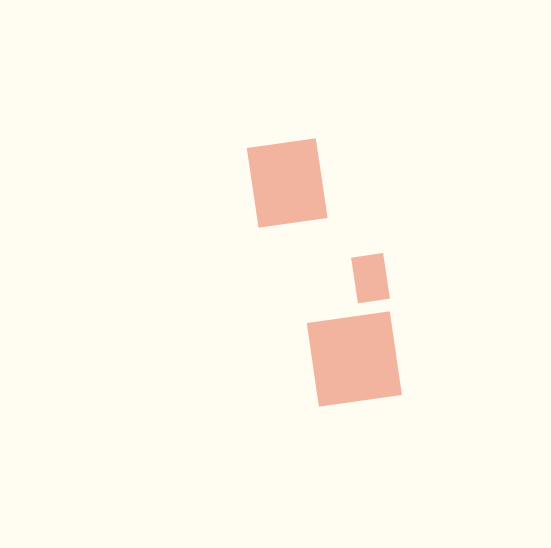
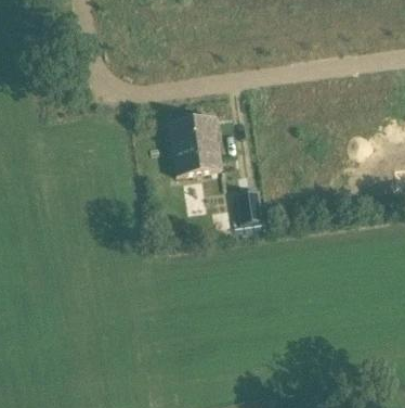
building: [306,311,403,408] -> none

